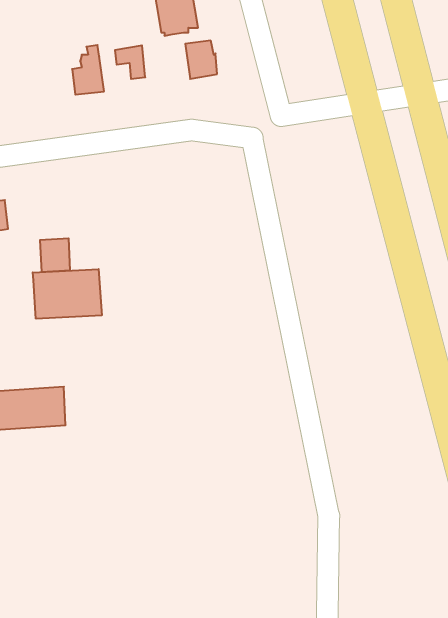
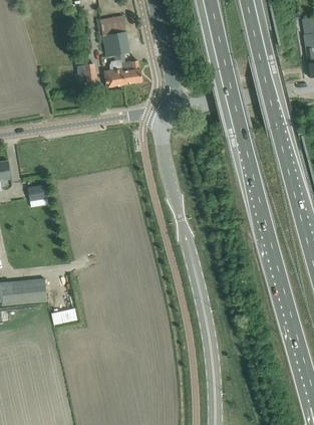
building: [72,45,104,95] -> [103,55,123,86]
building: [33,269,102,319] -> none

